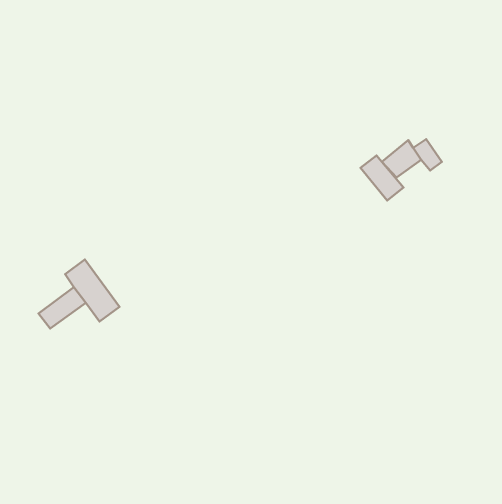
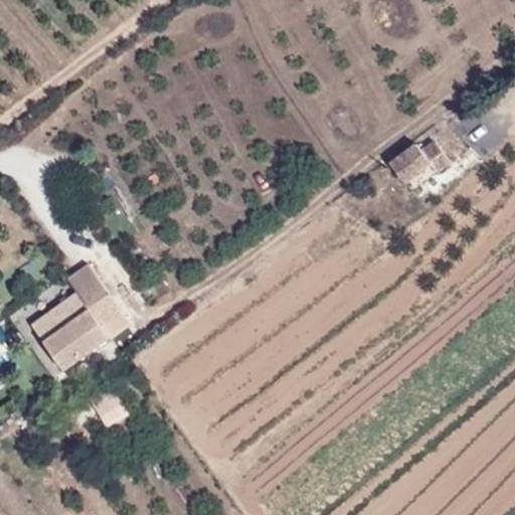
building: [361,156,403,201] -> none
building: none -> [43,309,108,368]

